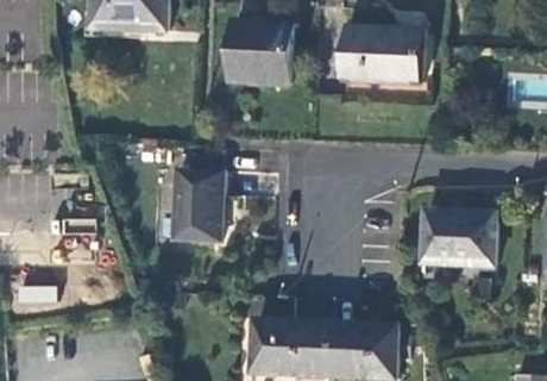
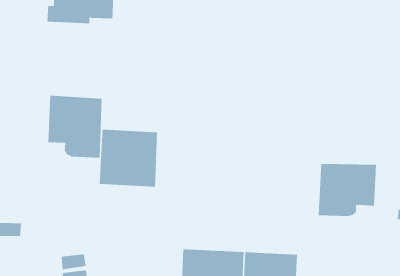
building: [231,20,291,82] -> none
building: [344,26,429,100] -> none
building: none -> [48,95,102,159]

